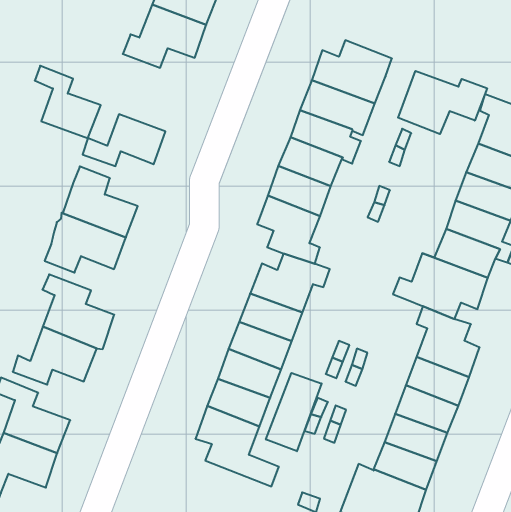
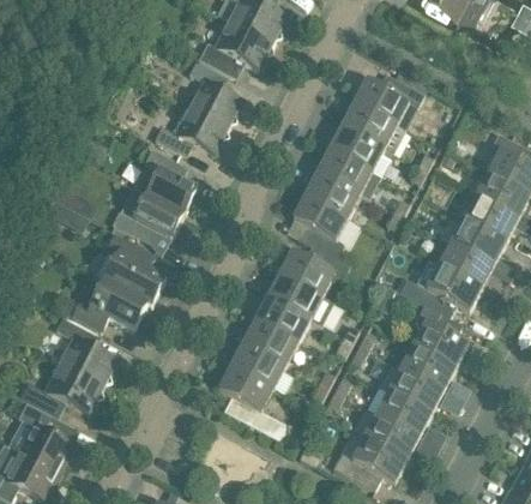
building: [35,66,101,138] -> [187,65,240,131]
building: [398,71,487,134] -> none
building: [266,373,322,451] -> none

